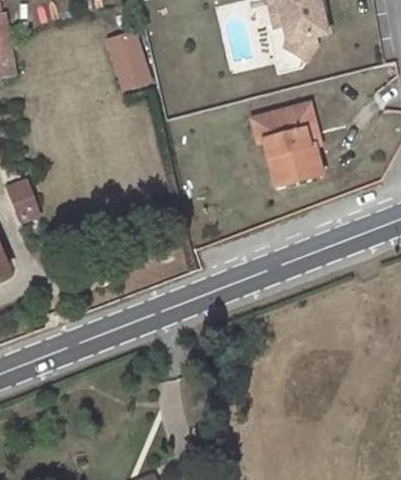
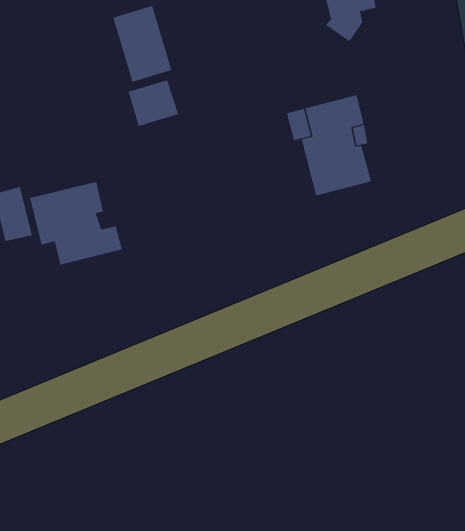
building: none -> [128,80,179,127]
building: none -> [29,181,123,265]

